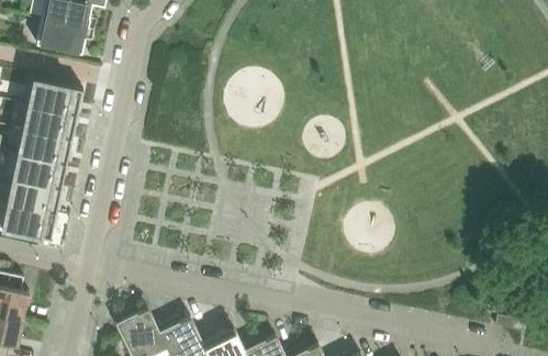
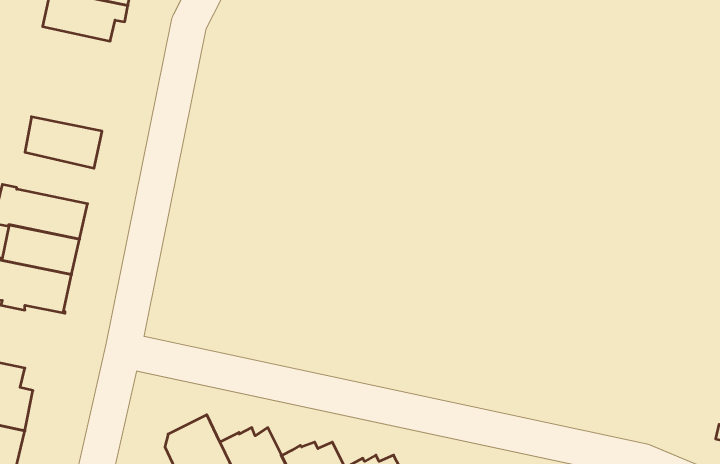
building: [22,79,82,115] -> none
building: [18,130,70,165] -> none

